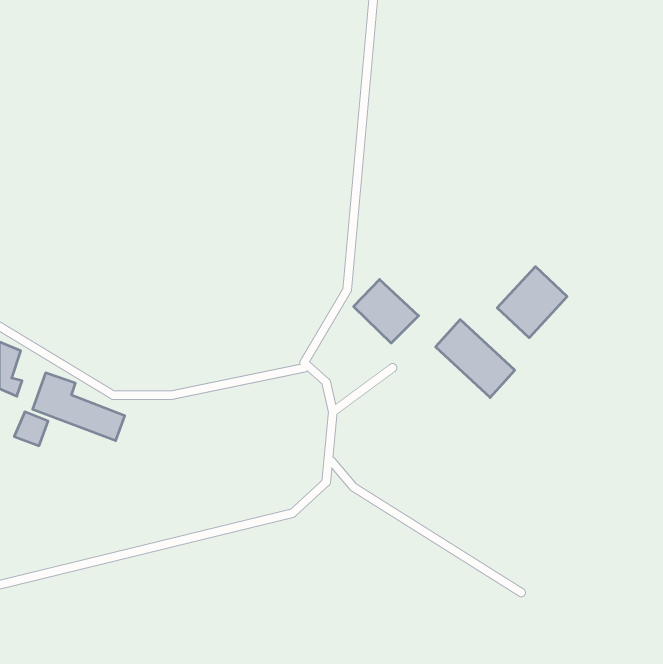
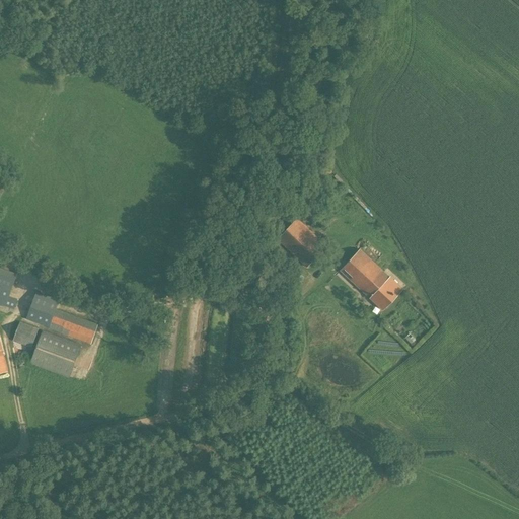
building: [497,267,567,338] -> none
building: none -> [29,330,80,377]

